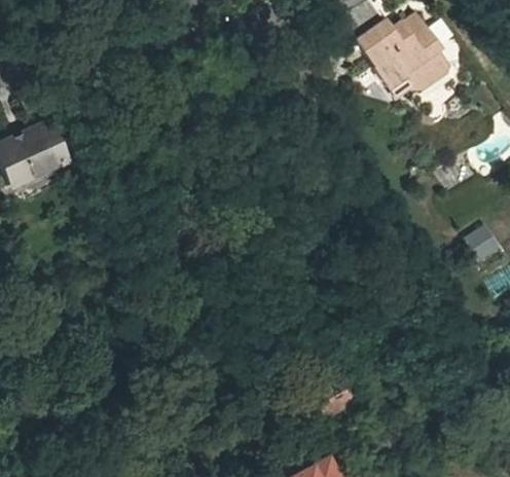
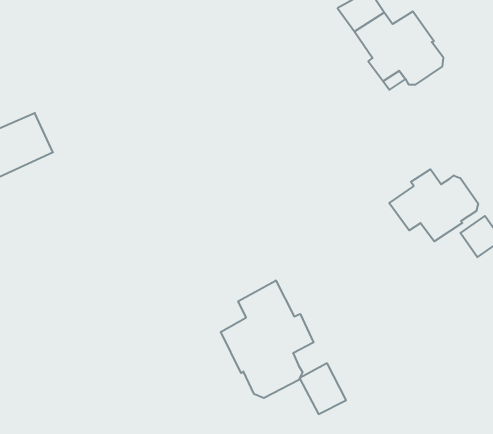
building: none -> [389,169,478,241]
building: none -> [221,280,314,398]

